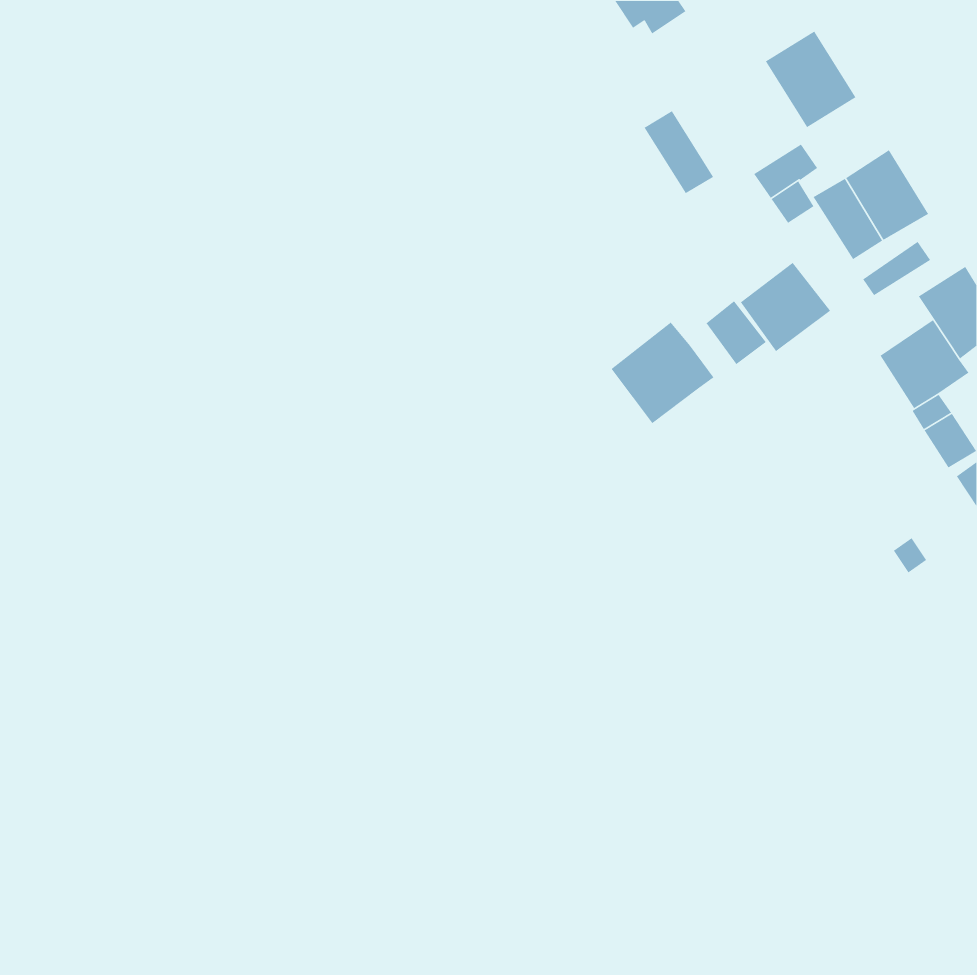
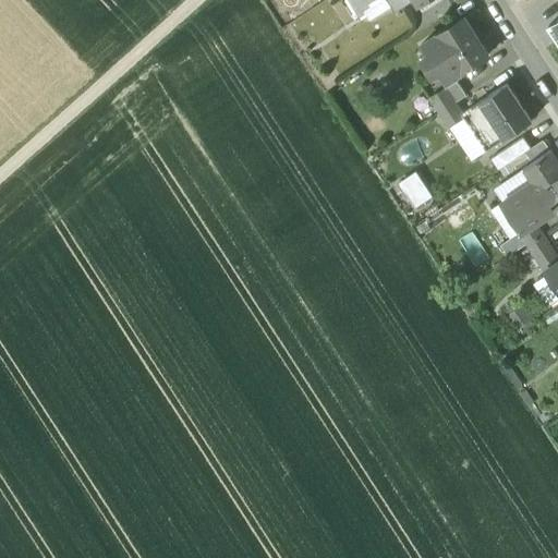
building: [644,110,714,194] -> [420,36,460,84]
building: [740,262,831,352] -> none
building: [611,321,715,424] -> none

